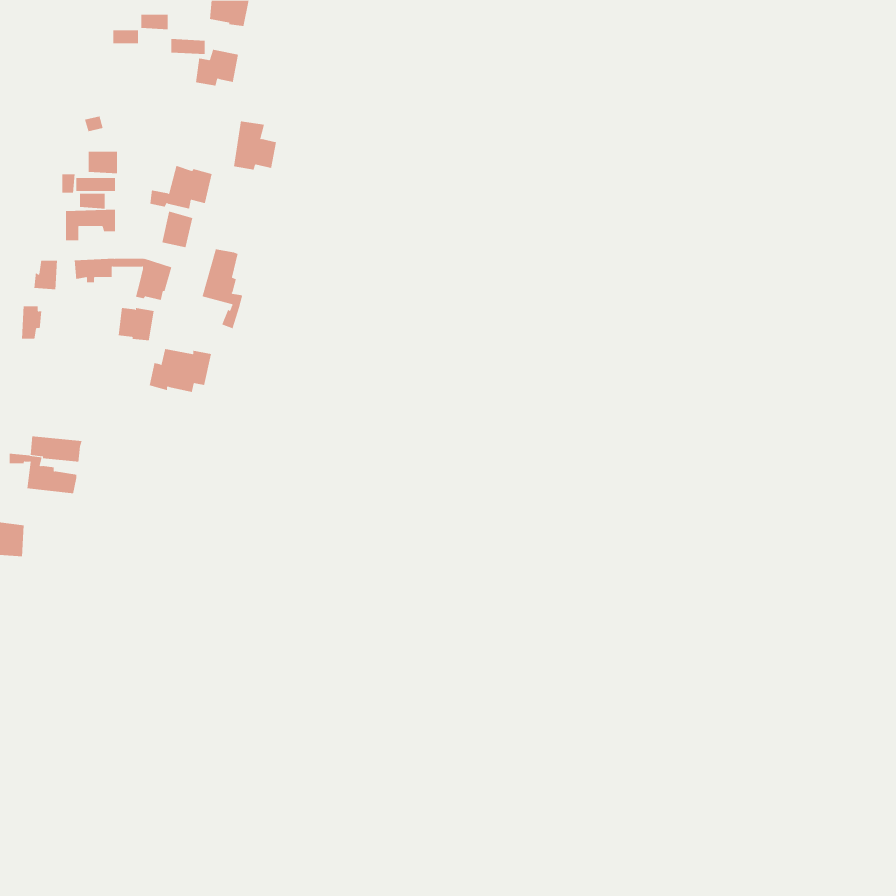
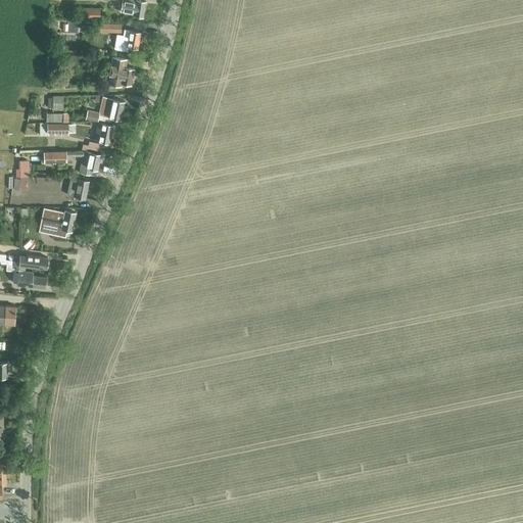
building: [233,121,277,170] -> [107,57,133,86]
building: [202,248,243,329] -> none
building: [149,349,212,392] -> [38,209,75,235]

